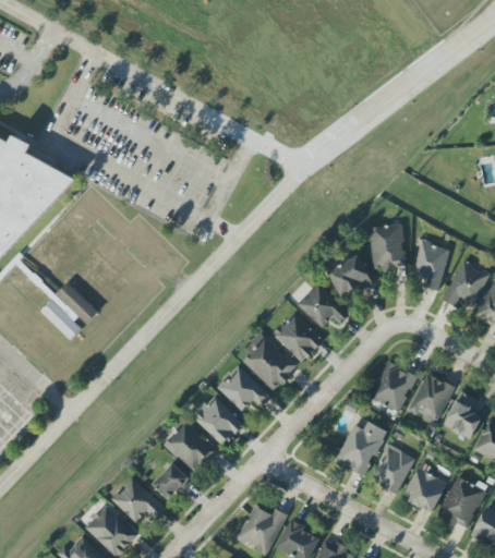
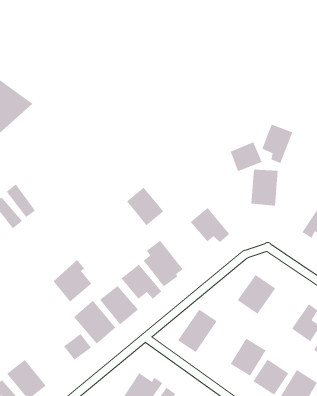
building: [411,241,449,291] -> [262,124,293,164]
building: [328,256,372,298] -> [230,141,262,172]
building: [273,312,323,362] -> [126,187,164,226]
building: none -> [53,259,92,302]
building: [408,373,454,422] -> none
building: [338,417,387,474] -> [177,309,218,353]
building: [111,476,165,523] -> none

